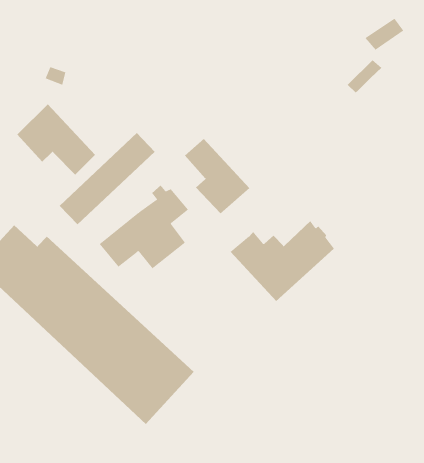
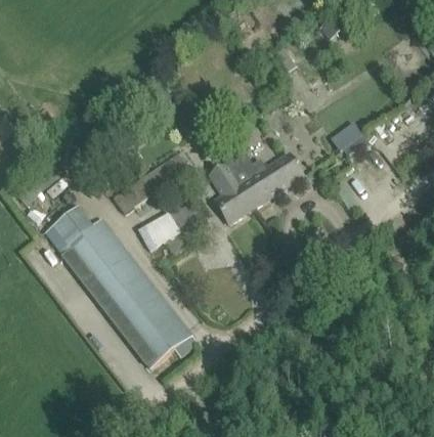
building: [17,104,96,175] -> none
building: [230,220,335,302] -> [225,151,302,207]

